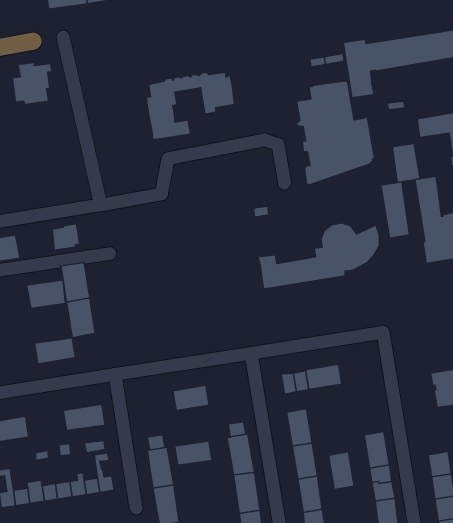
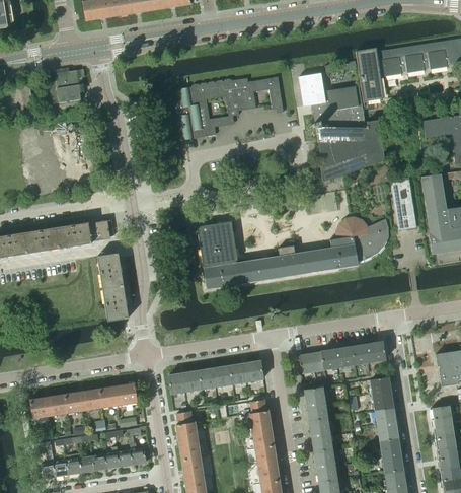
building: none -> [299,73,326,107]
building: none -> [252,76,284,112]
building: [392,144,420,182] -> none
building: none -> [197,221,283,289]
building: [27,280,66,309] -> [56,222,92,249]
building: [34,338,75,364] -> [65,389,102,413]
building: none -> [352,341,386,364]
building: none -> [230,360,263,383]
building: none -> [431,406,452,429]
building: [175,441,212,465] -> [168,370,203,393]
building: [329,452,354,489] -> [370,376,393,411]

